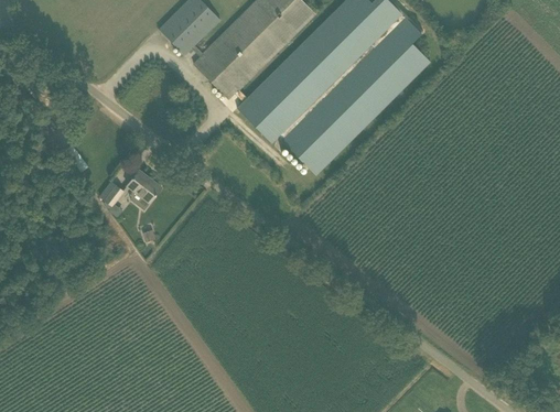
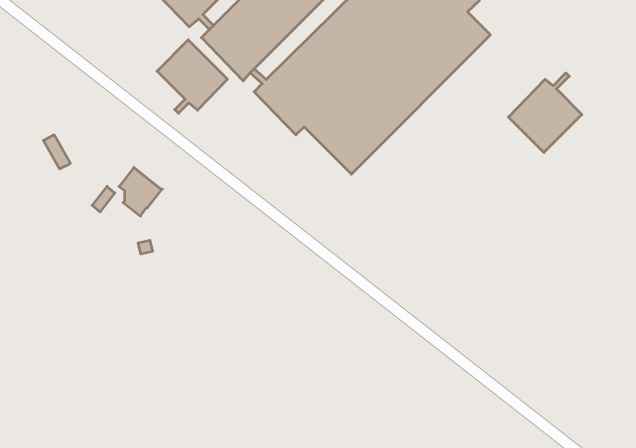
building: none -> [157,40,227,113]
building: none -> [508,73,582,153]

